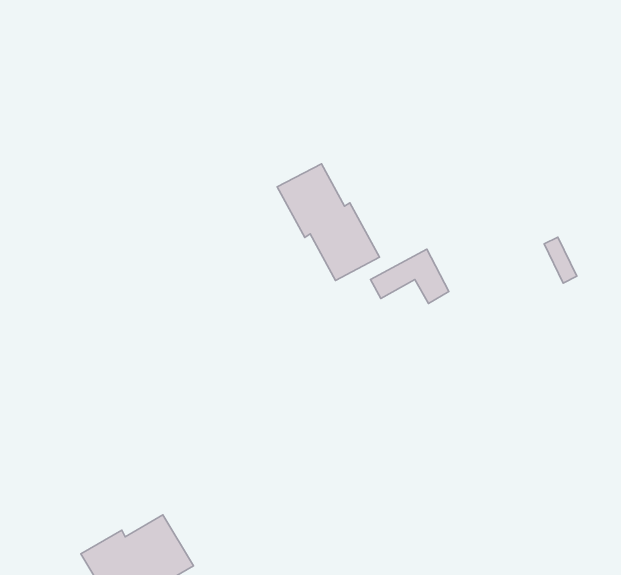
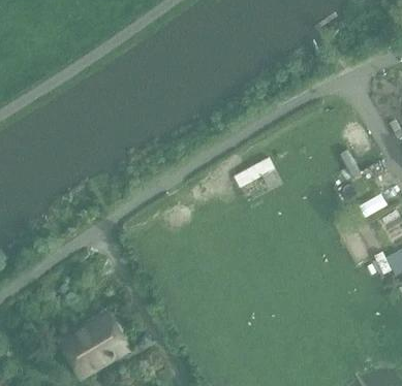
building: [277,164,380,280] -> none

